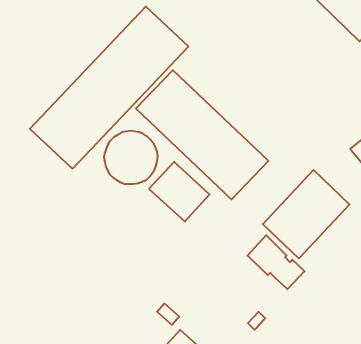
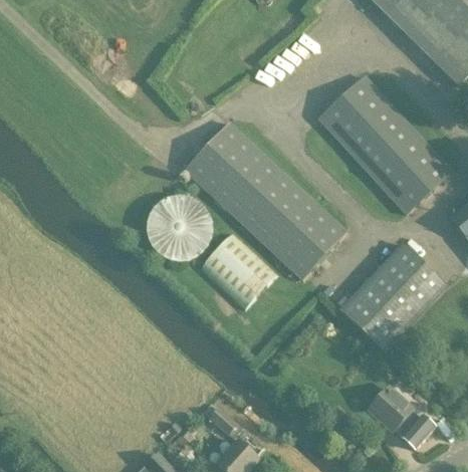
building: [30,6,188,169] -> none
building: none -> [319,76,452,214]
building: [247,235,305,289] -> [367,383,437,449]

